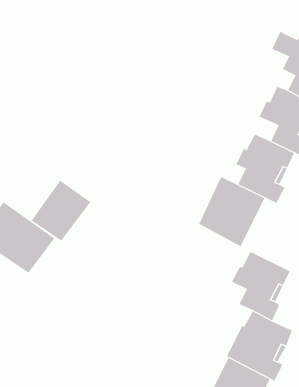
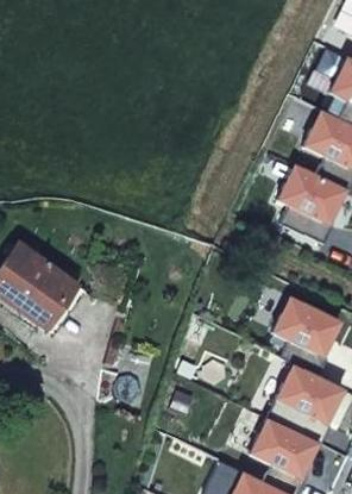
building: [198,176,265,247] -> none
building: [31,180,91,241] -> none

